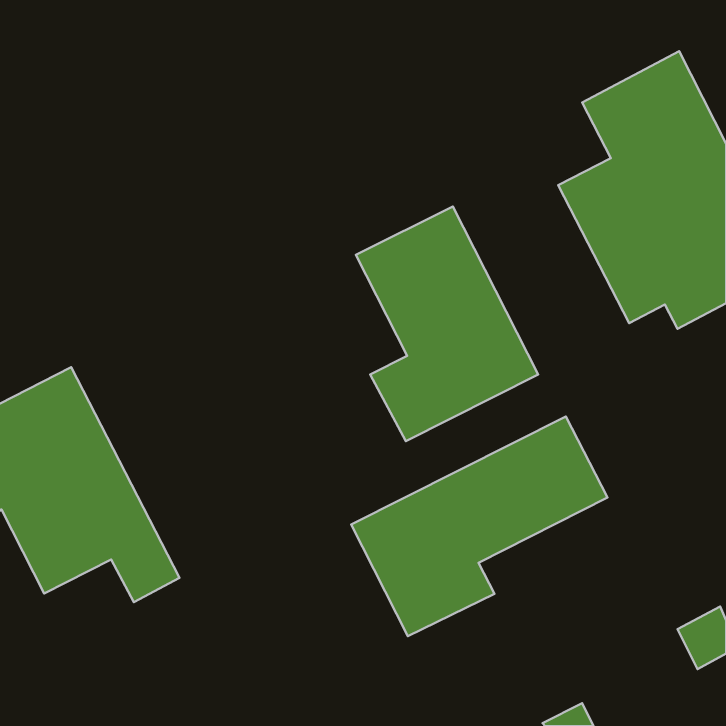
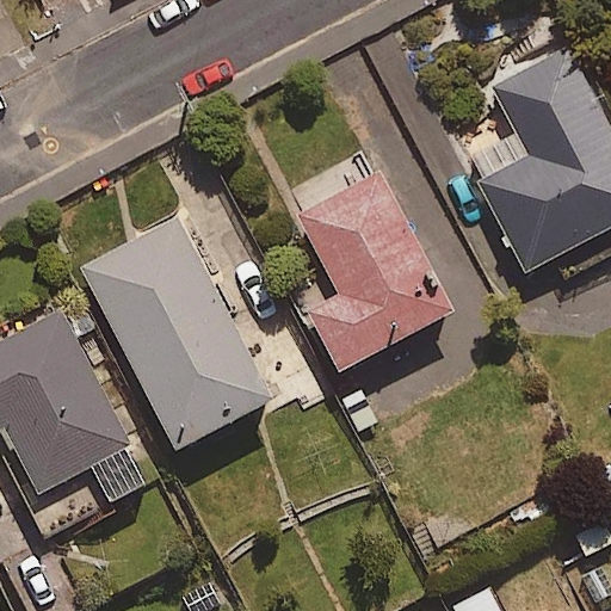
building: none -> [82,217,272,450]
building: [351,416,608,636] -> none

